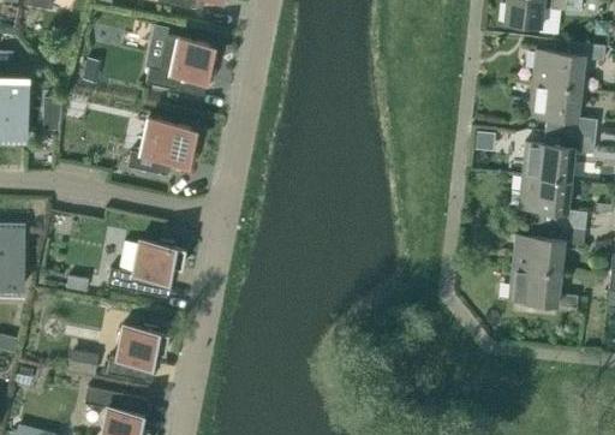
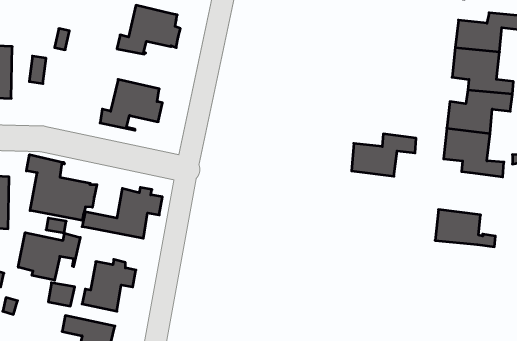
building: none -> [26,155,97,220]
building: [512,225,585,273] -> [352,134,416,176]
building: none -> [18,233,80,280]

